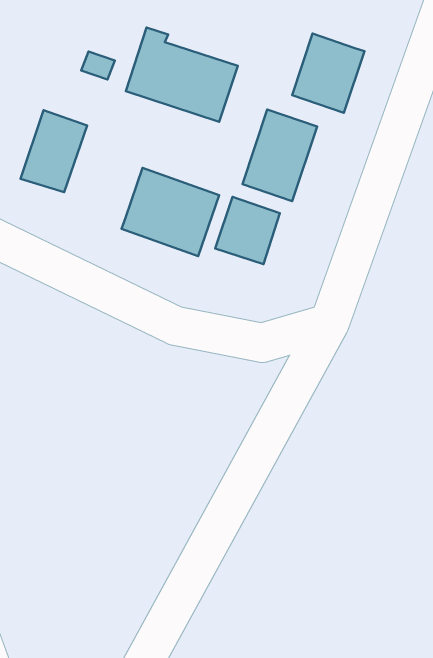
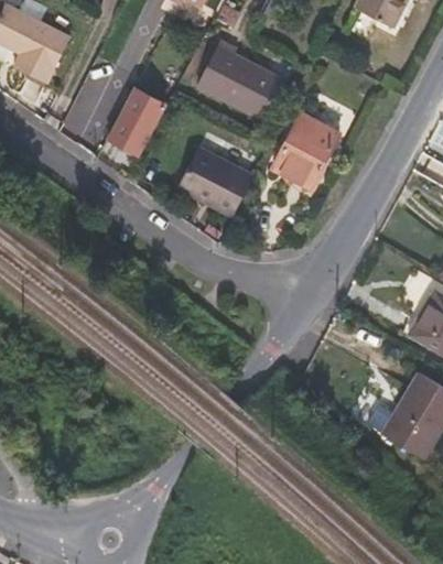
building: [292,34,364,113] -> none
building: [215,197,280,264] -> none

